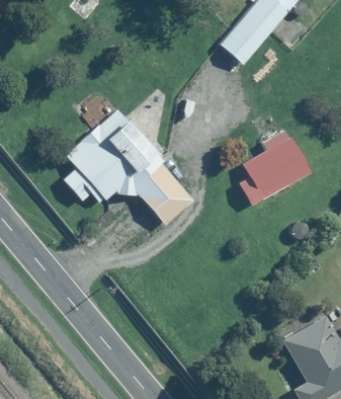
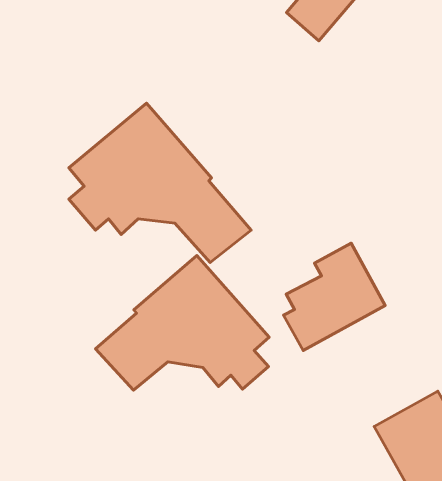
building: [239,128,312,205] -> [283,243,385,351]
building: none -> [95,256,269,390]

